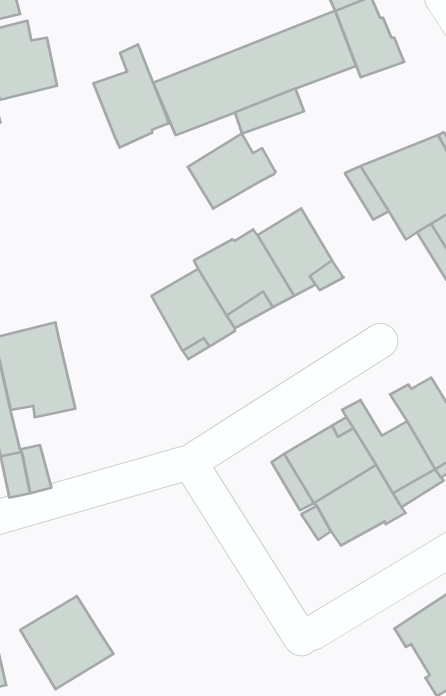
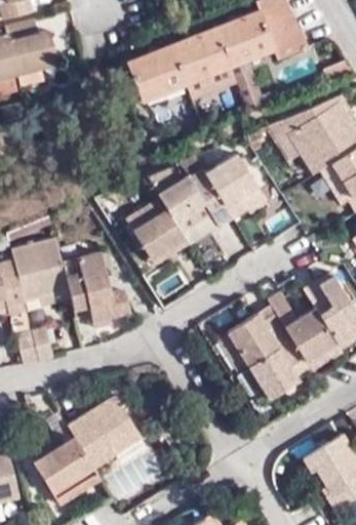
building: [94,44,168,148] -> none
building: [188,134,276,209] -> none
building: none -> [63,250,130,326]
building: none -> [66,396,141,467]

